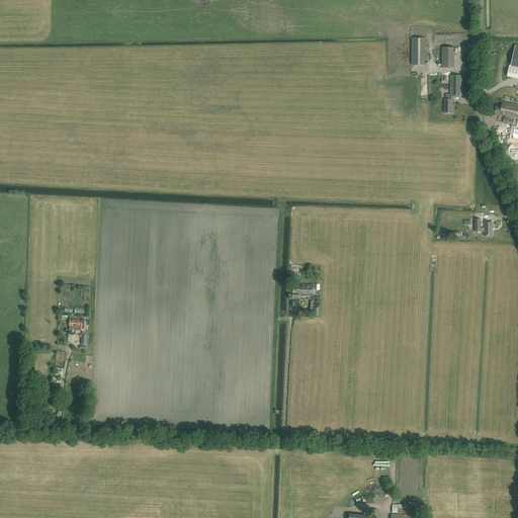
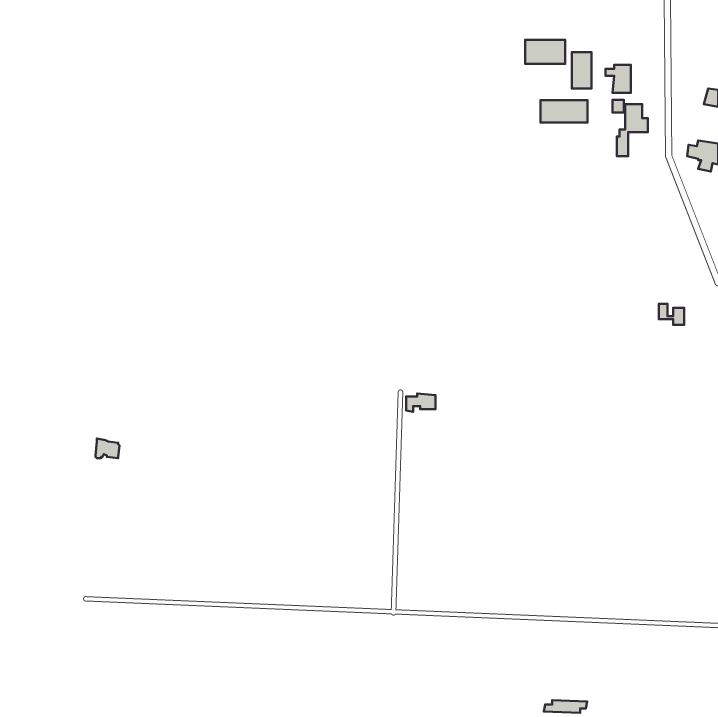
building: none -> [525,40,565,64]
building: none -> [541,100,587,123]

